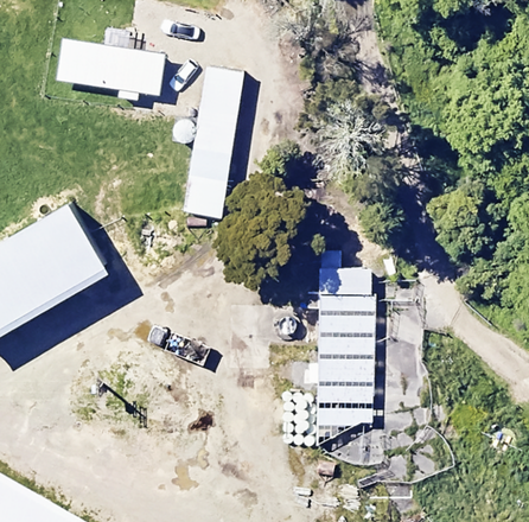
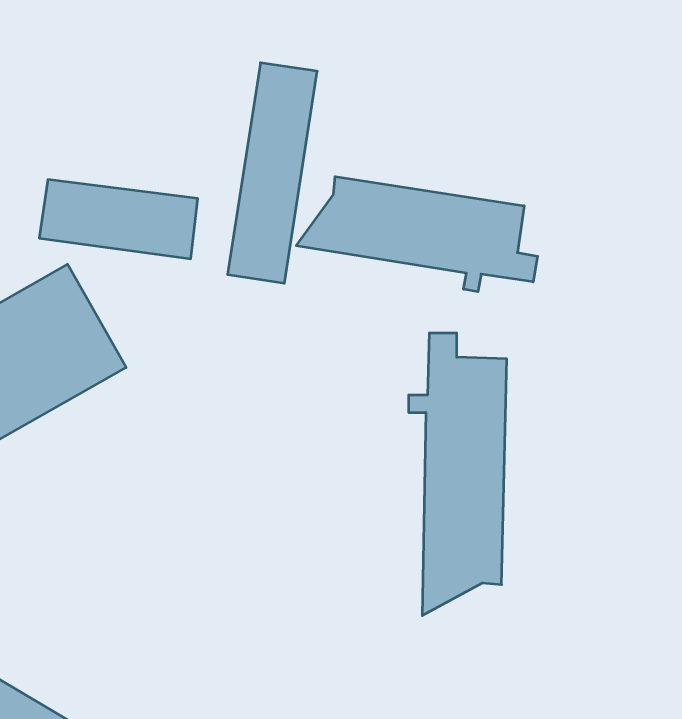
building: [52,39,161,94] -> [39,180,198,259]
building: none -> [296,177,538,292]

